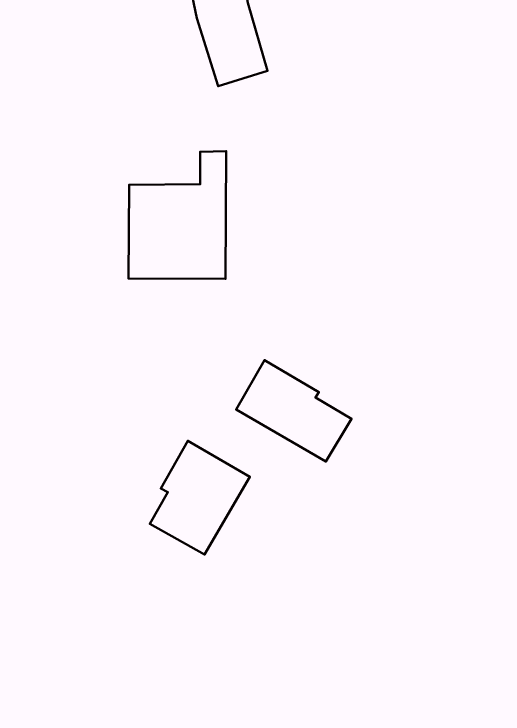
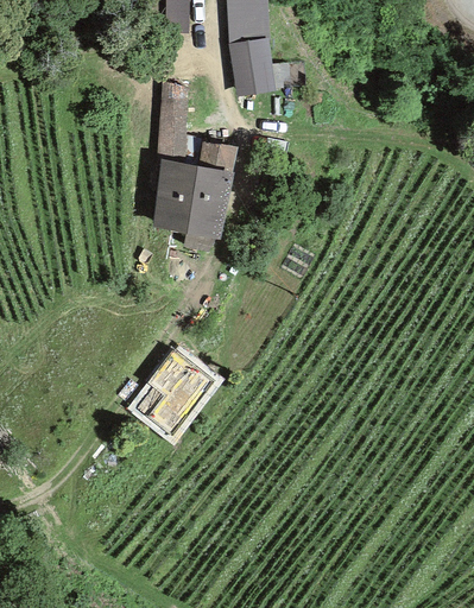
building: none -> [156,81,189,150]
building: [236,360,352,461] -> none

